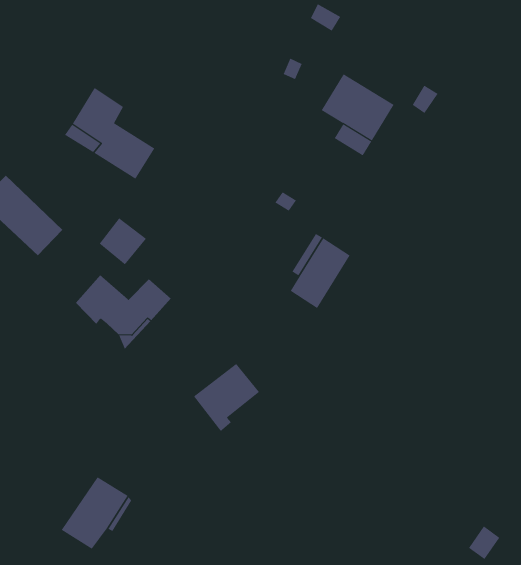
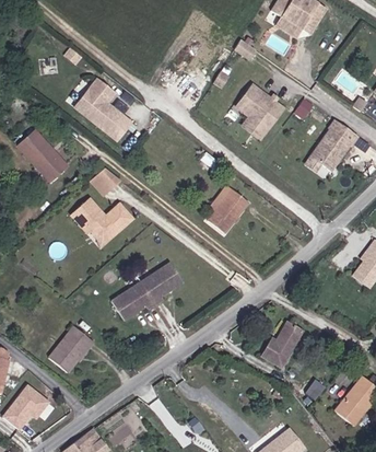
building: none -> [313,120,359,172]
building: none -> [111,281,155,321]
building: none -> [261,321,301,366]

